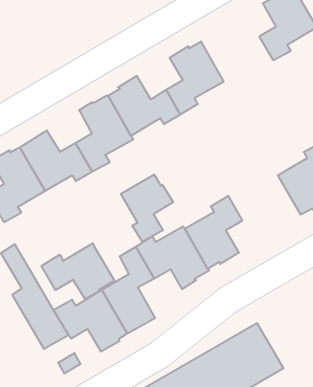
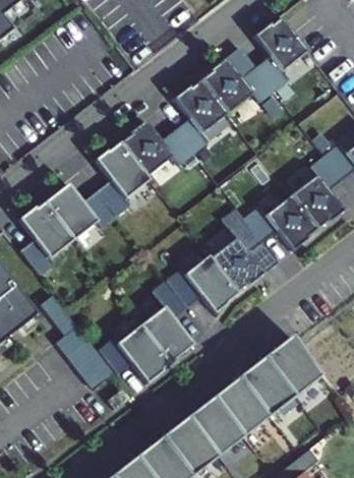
building: none -> [200,58,271,114]
building: [121,174,173,242] -> none
building: none -> [246,195,316,251]
building: [42,243,114,299] -> none

